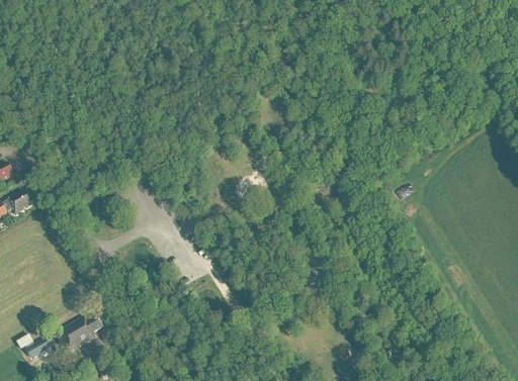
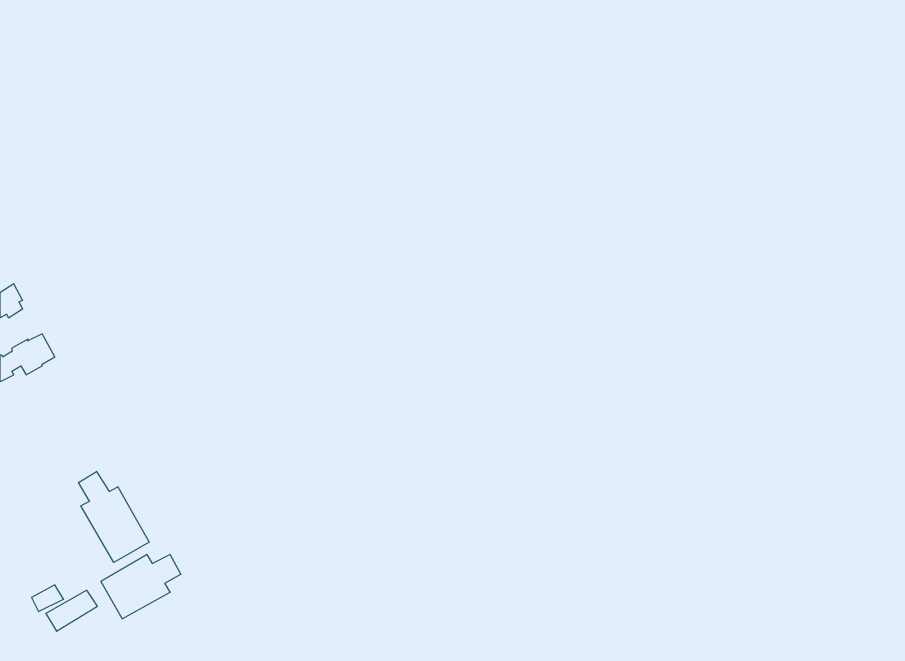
building: none -> [79,471,149,562]

